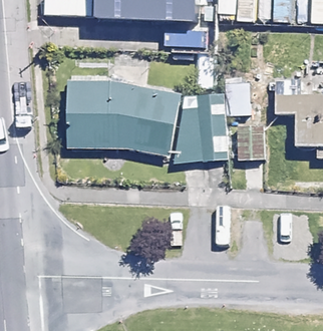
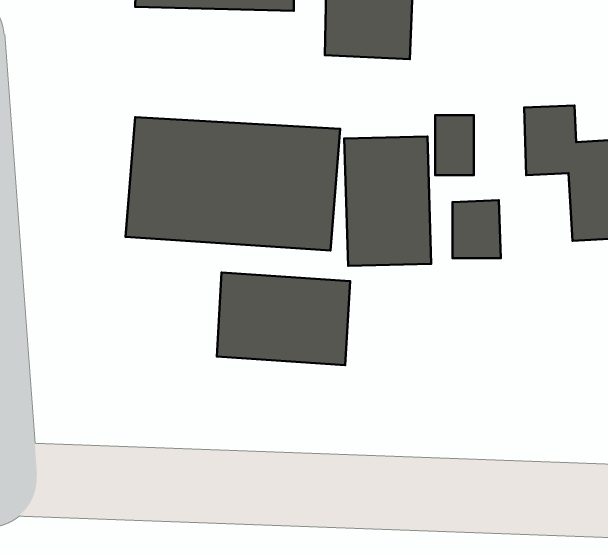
building: none -> [217,273,350,365]

